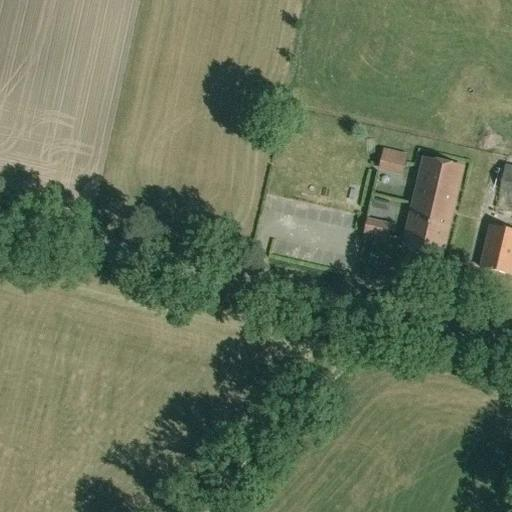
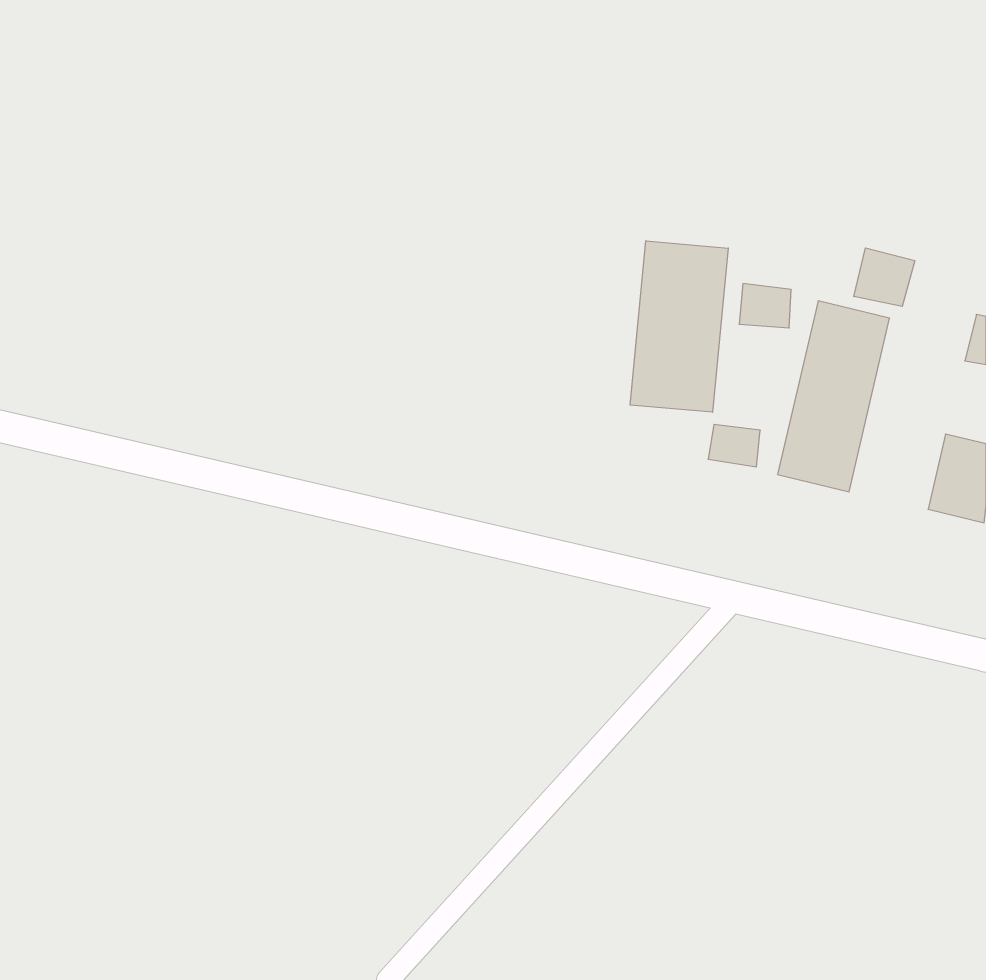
building: none -> [630,241,728,412]
building: none -> [854,248,915,306]

